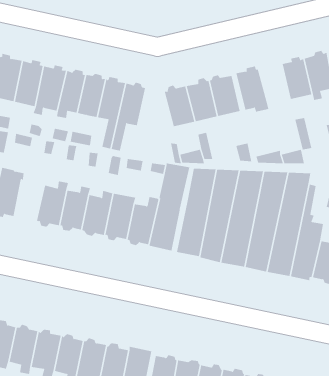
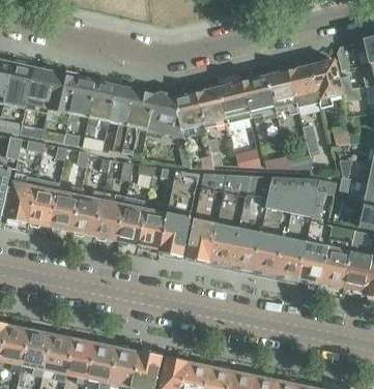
building: none -> [267,69,299,113]
building: none -> [148,92,184,139]
building: none -> [27,181,58,227]

